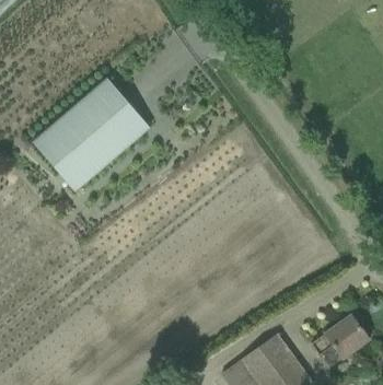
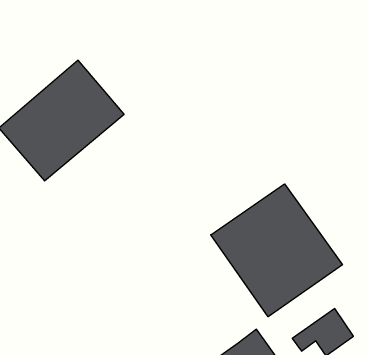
building: none -> [211,184,342,317]

